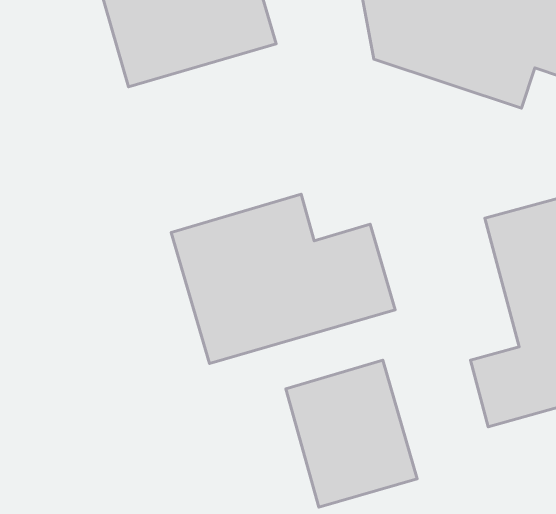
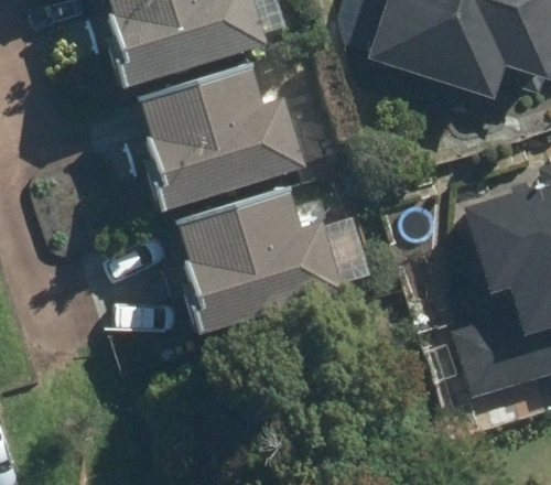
building: none -> [140,61,307,205]
building: [286,360,417,507] -> none

